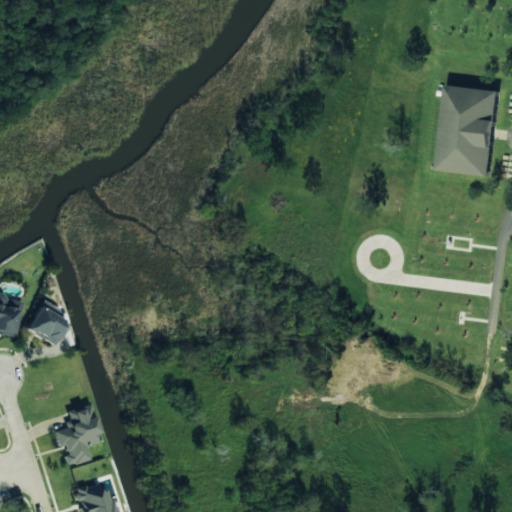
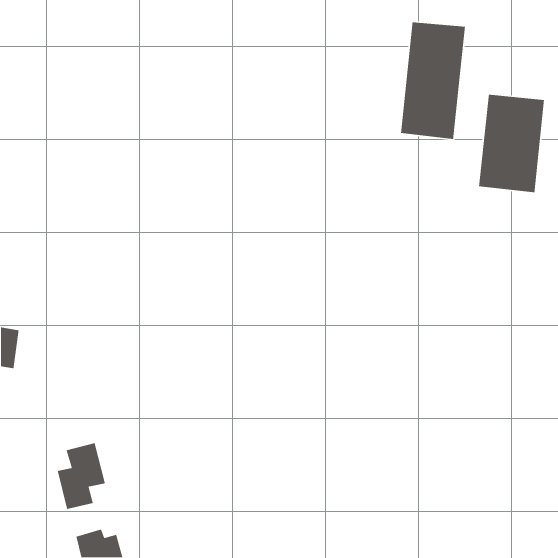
building: none -> [400,21,466,140]
building: [22,300,64,347] -> none

